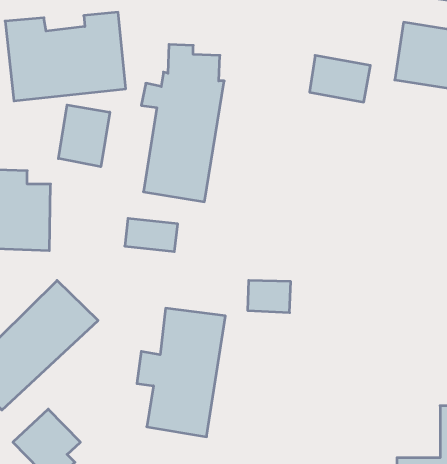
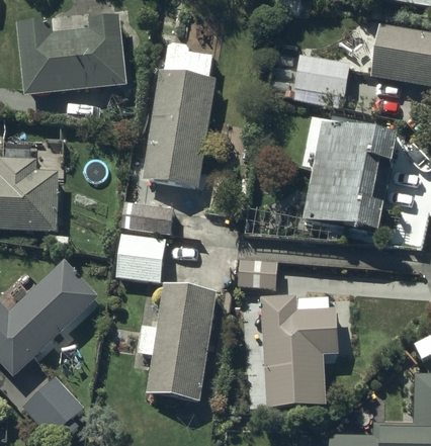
building: [58,105,110,167] -> none
building: none -> [301,120,396,232]
building: none -> [115,233,165,281]
building: none -> [259,295,339,408]

